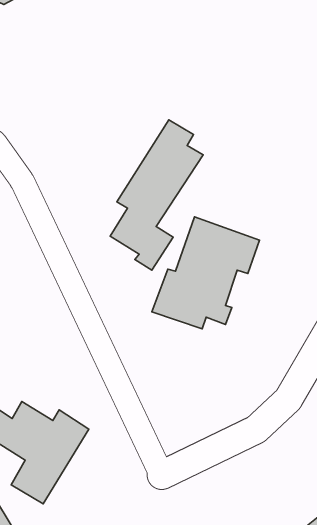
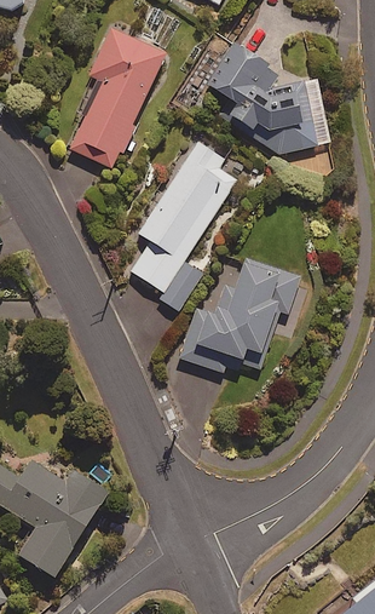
building: none -> [69,28,165,168]
building: none -> [207,41,329,155]

